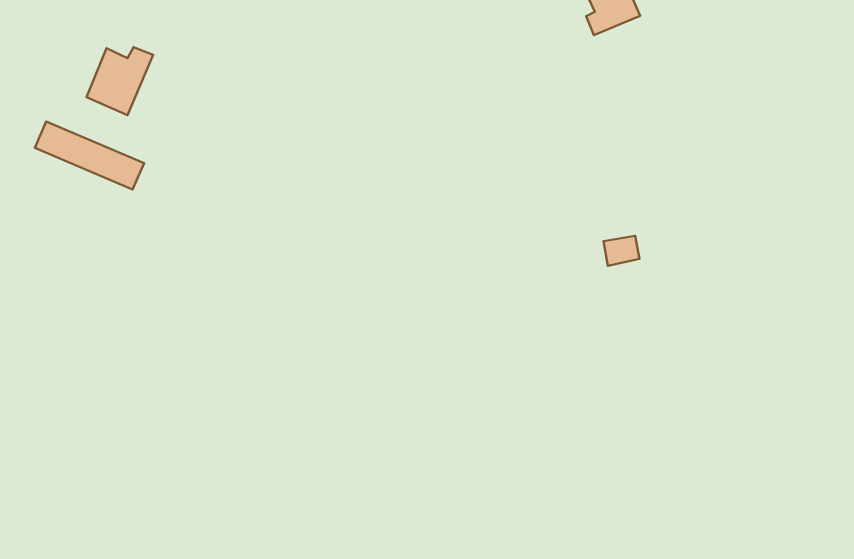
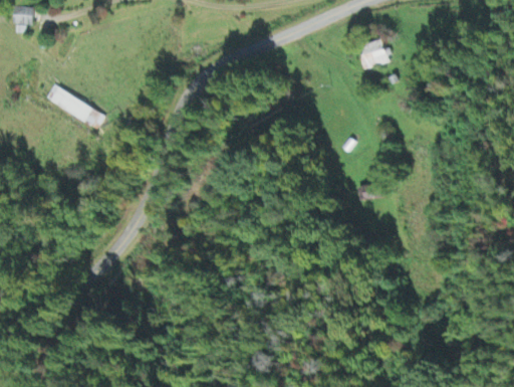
building: [87,47,153,115] -> none

